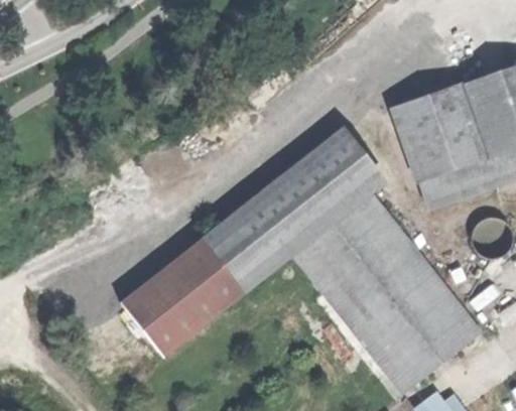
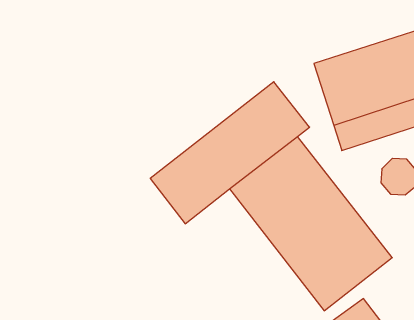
building: [120,240,241,355] -> none

